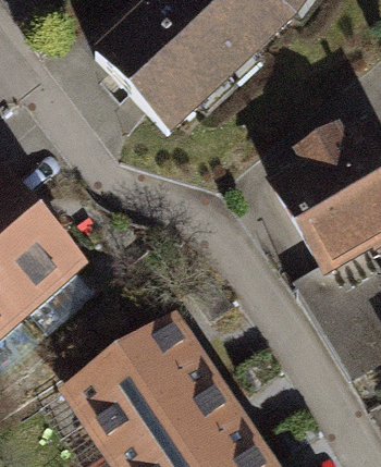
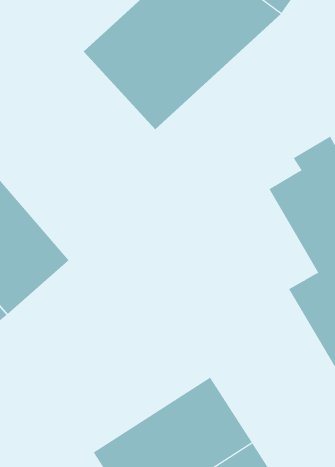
building: [65,311,222,450] -> none

